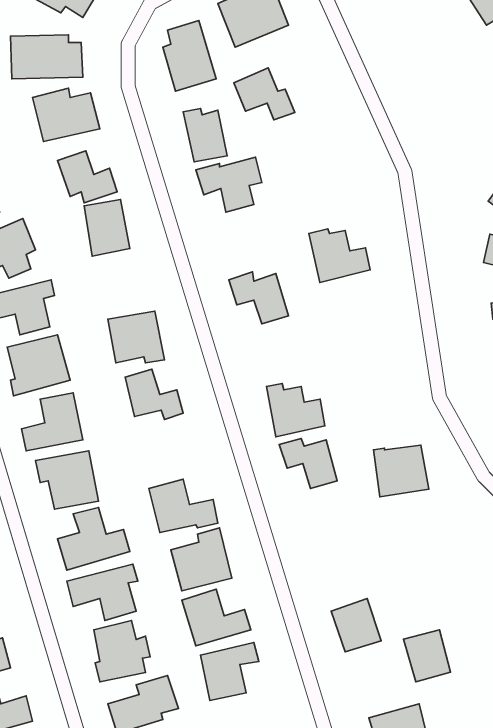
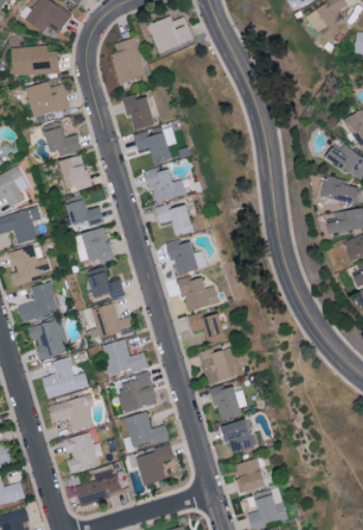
building: [234,68,295,120] -> none
building: [309,229,370,282] -> [145,168,185,203]
building: none -> [66,199,102,227]
building: none -> [165,240,207,276]
building: none -> [91,303,131,338]
building: [374,445,429,497] -> [203,349,239,383]
building: none -> [211,385,248,421]
building: [403,630,450,682] -> [234,459,265,493]

